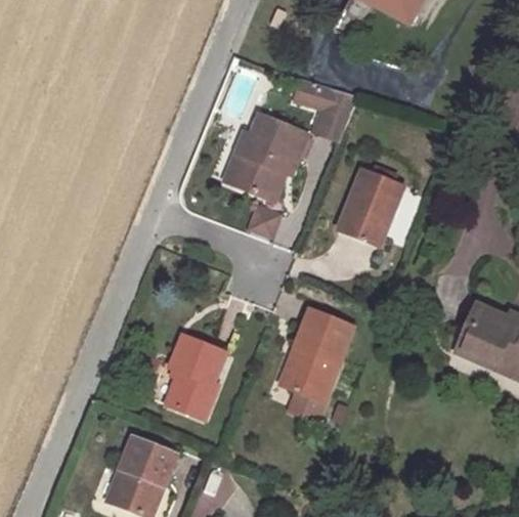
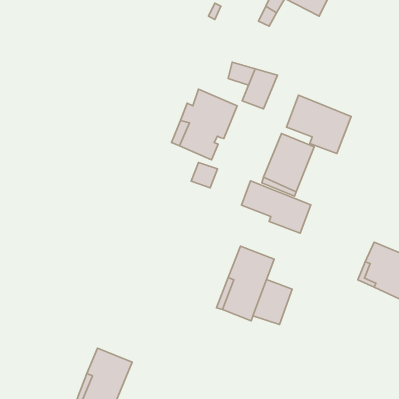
building: none -> [286,95,351,153]
building: none -> [242,181,311,233]
building: [166,336,223,418] -> none
building: none -> [253,280,292,324]

